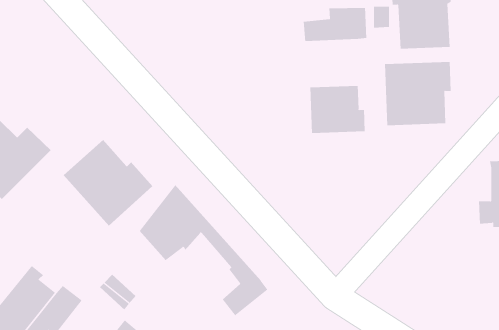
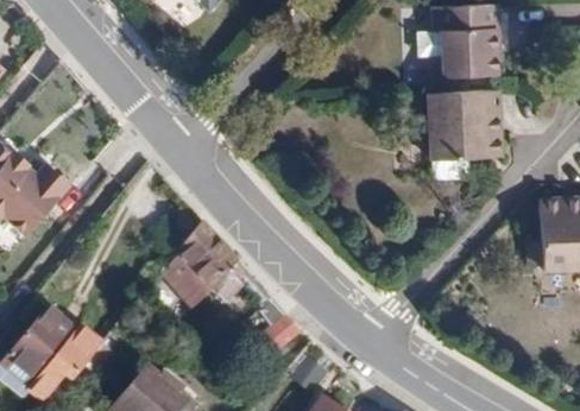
building: [303,7,367,42] -> none
building: [310,85,365,134] -> none
building: [63,139,153,226] -> none

